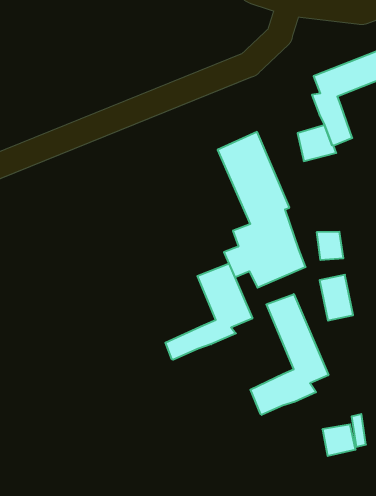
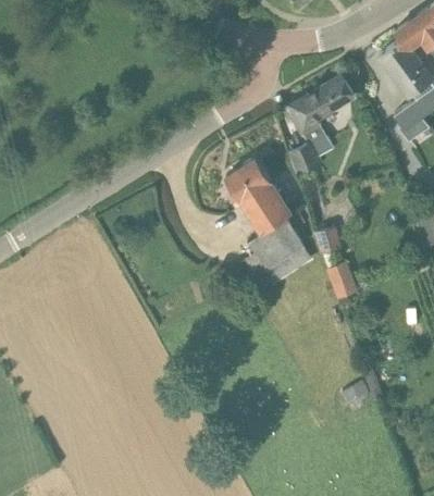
building: [165,263,252,360] -> none
building: [250,294,328,415] -> none

